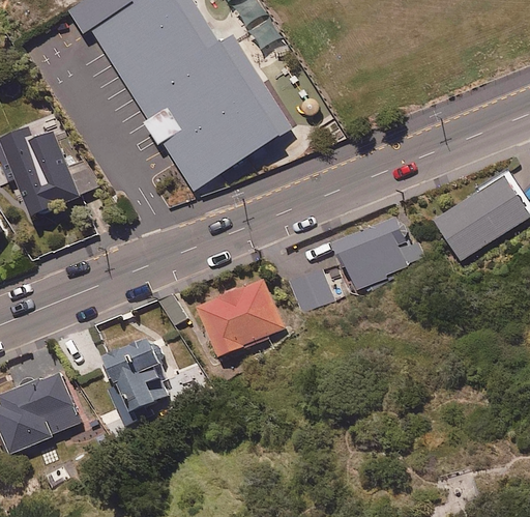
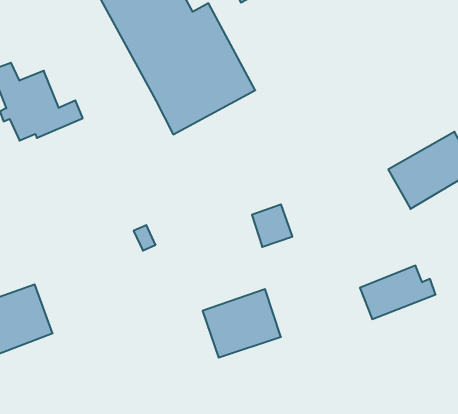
building: [341,227,423,288] -> [360,266,436,319]
building: [197,277,284,354] -> [203,289,281,358]
building: [102,335,173,429] -> none

